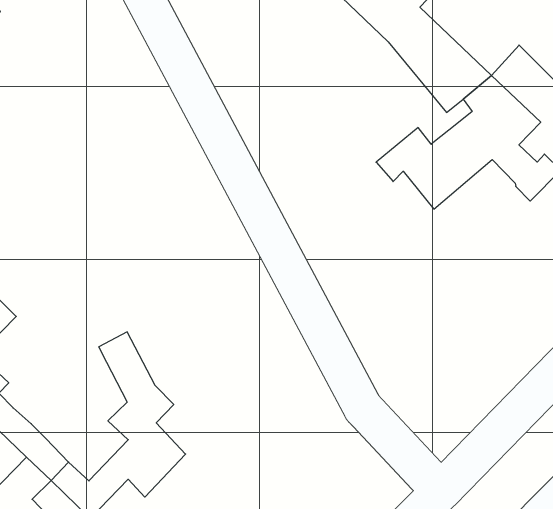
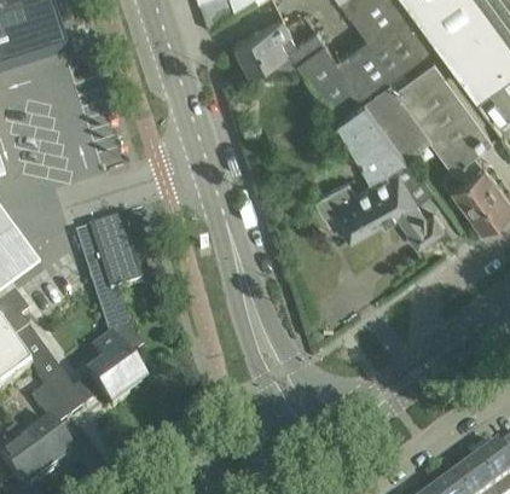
building: none -> [74,215,140,295]

